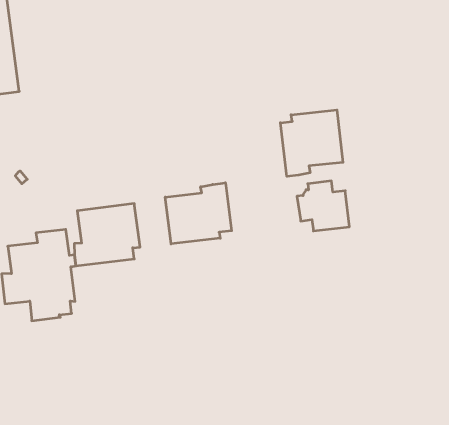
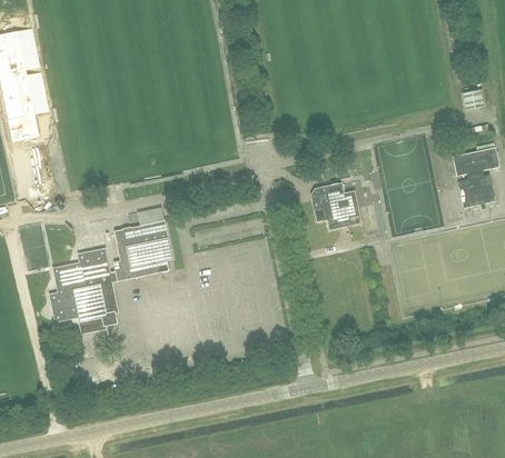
building: [280,110,343,176] -> none
building: [165,183,232,244] -> none

